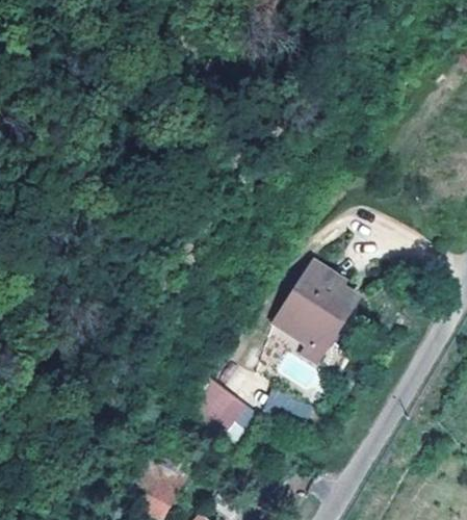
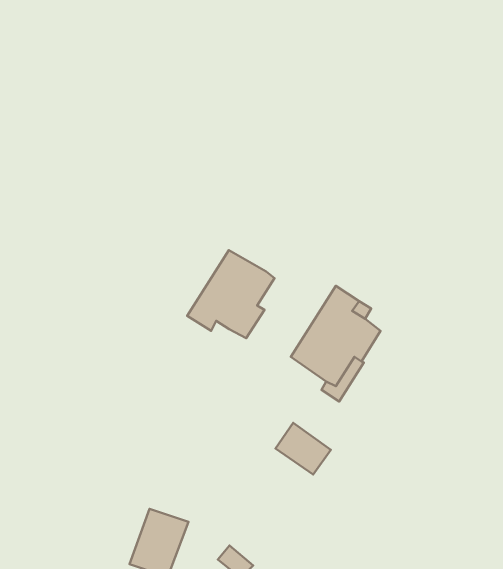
building: none -> [187,250,274,338]
building: [191,376,255,436] -> none

